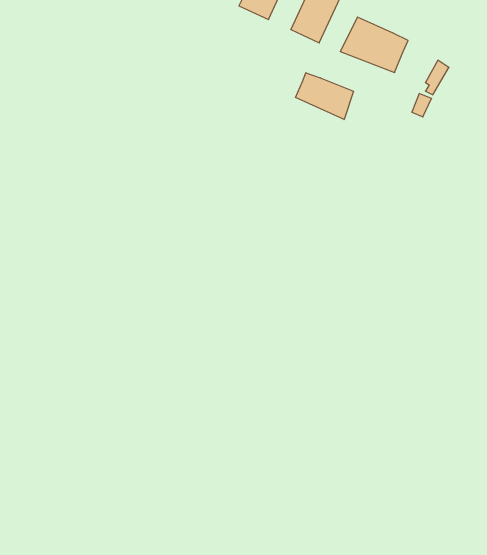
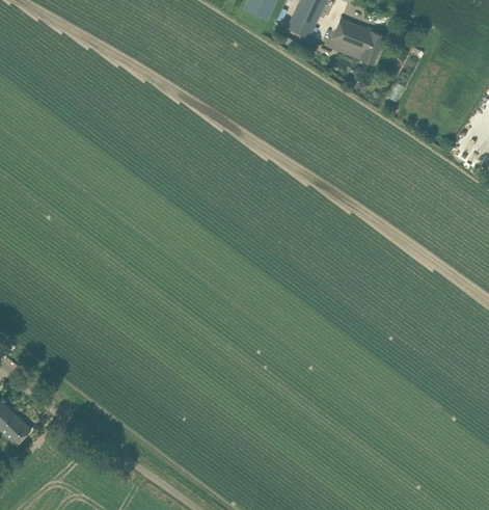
building: [295,73,354,120] -> none

